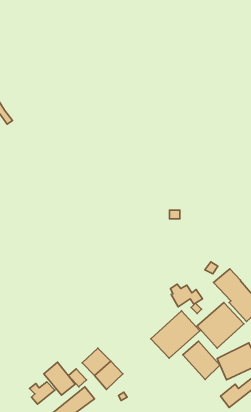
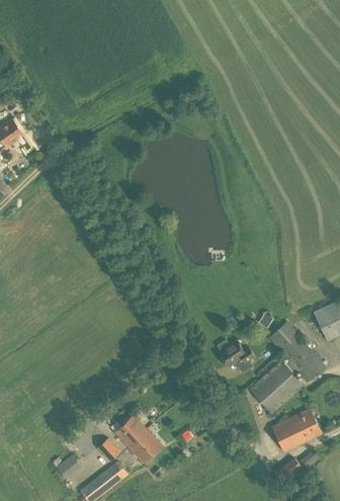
building: [151,311,200,358] -> none
building: [183,341,220,379] -> none
building: [44,362,75,395] -> none

